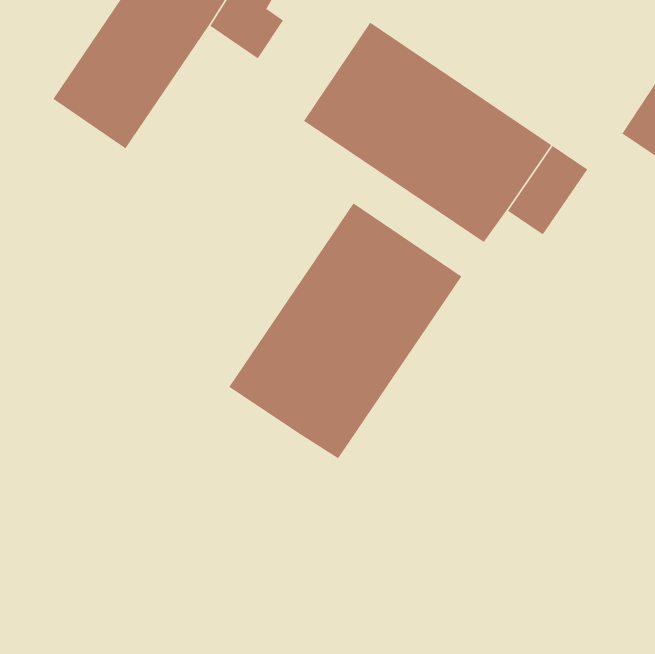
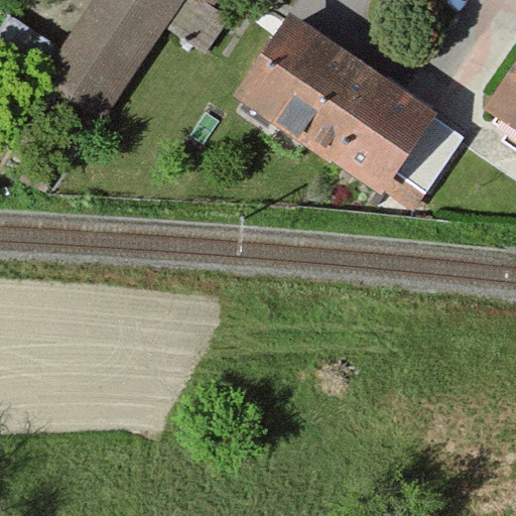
building: [229,203,462,459] -> none

